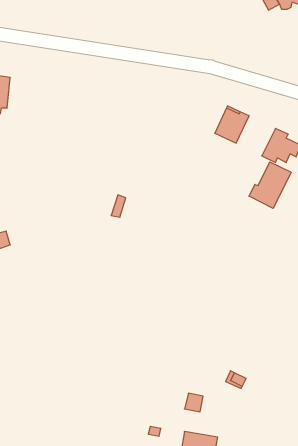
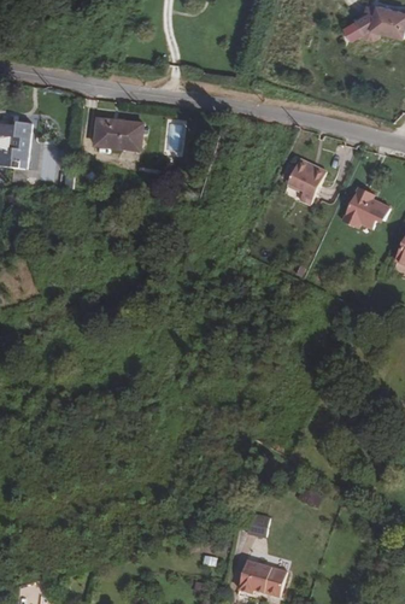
building: none -> [94,119,142,151]
building: [249,162,291,208] -> none

